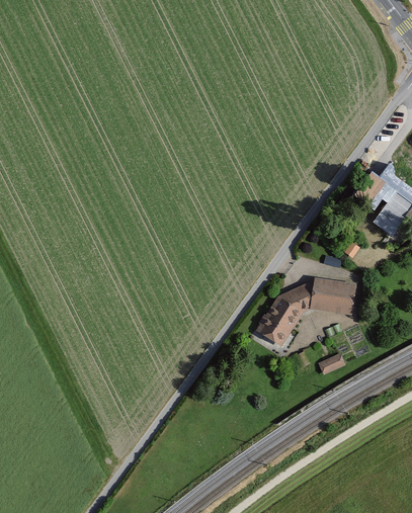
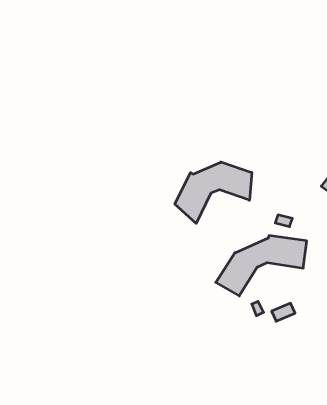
building: none -> [175,162,252,223]

